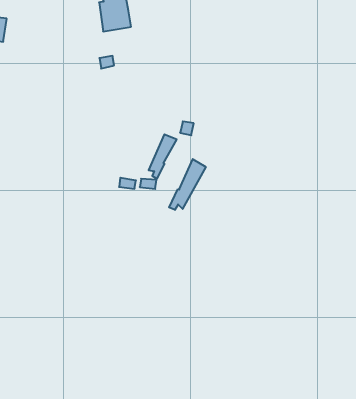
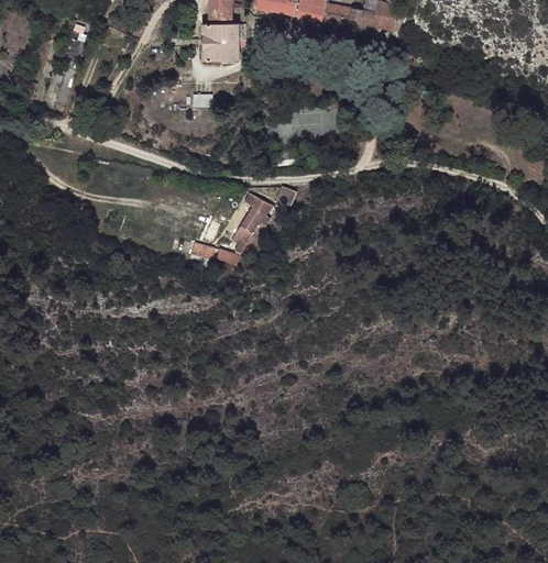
building: [169,159,206,210] -> none

